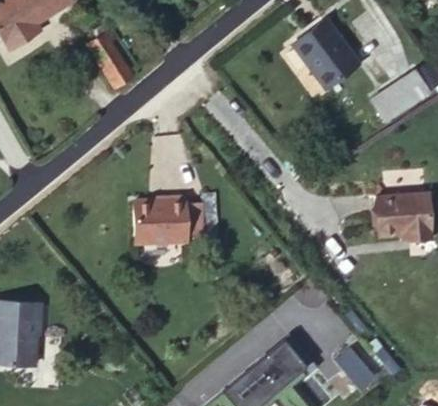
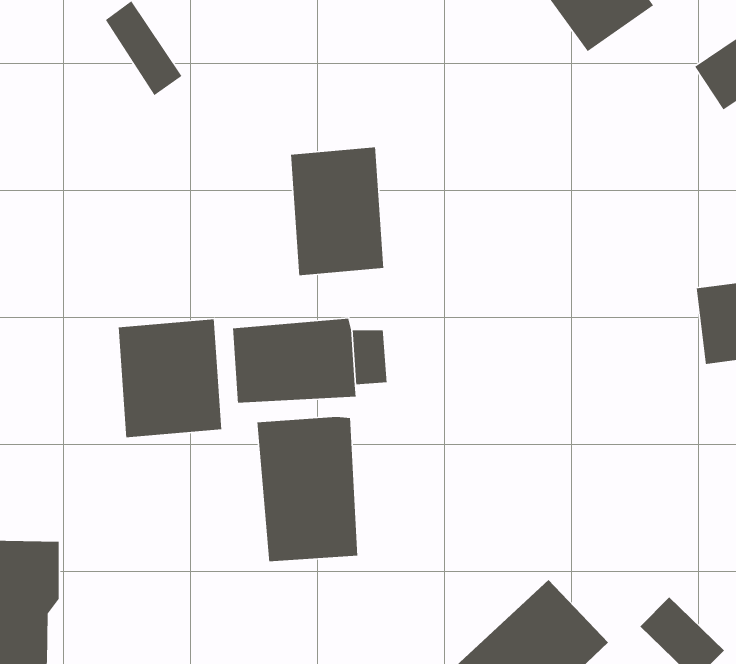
building: none -> [290,147,384,276]
building: none -> [118,319,222,438]
building: none -> [256,416,358,562]

